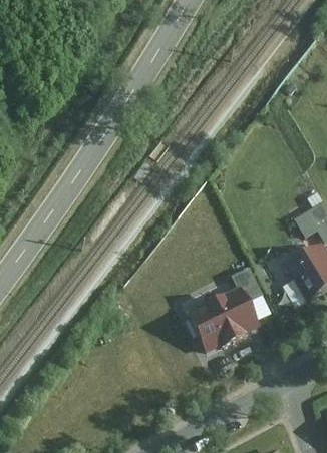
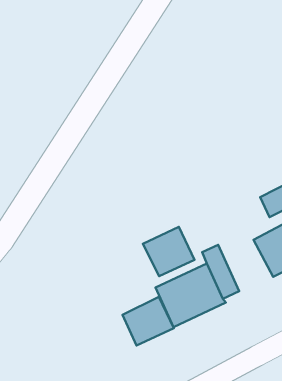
building: none -> [143,227,195,276]
building: none -> [123,297,174,346]

